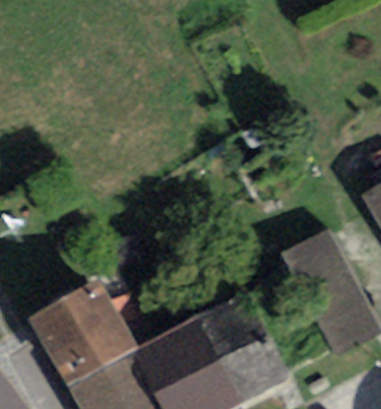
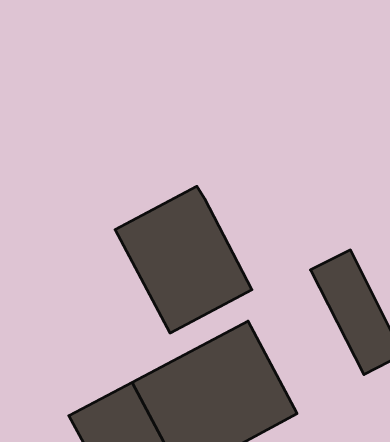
building: none -> [115,186,252,333]
building: [38,284,132,383] -> none

